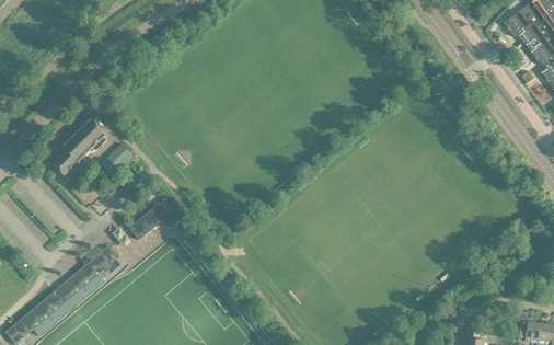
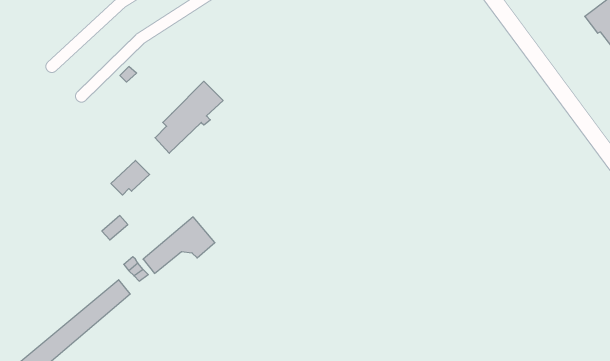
building: [53,114,111,175] -> [155,81,223,153]

